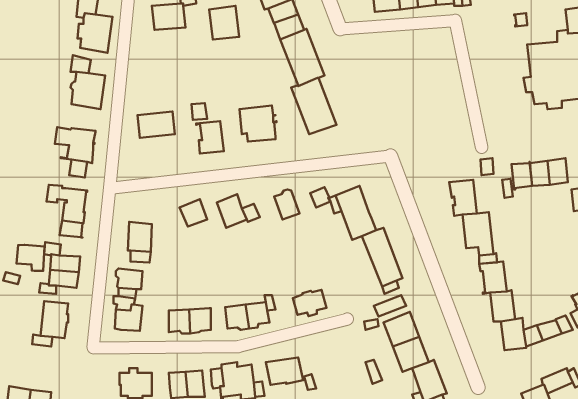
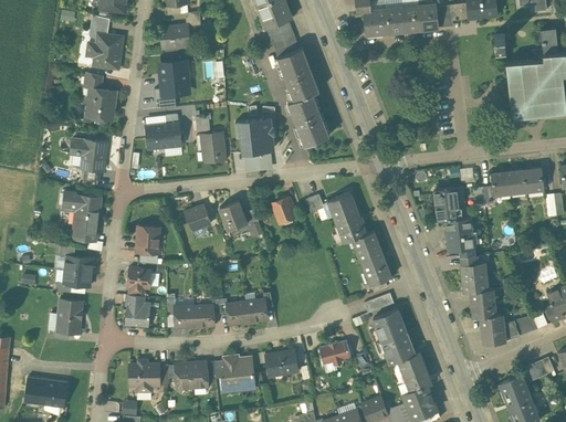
building: [209,6,239,39] -> [160,62,188,93]
building: [17,245,44,271] -> none
building: [293,290,326,316] -> [319,340,350,365]

